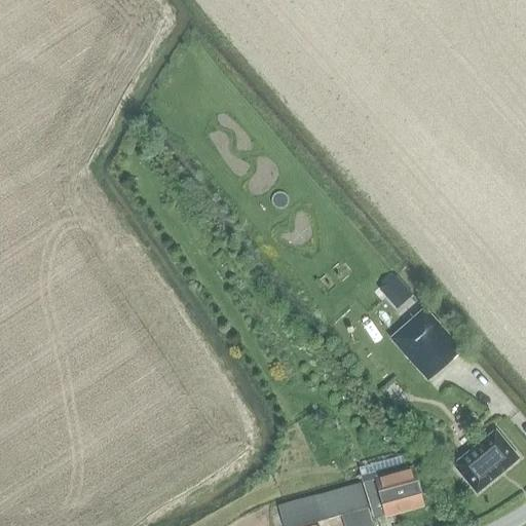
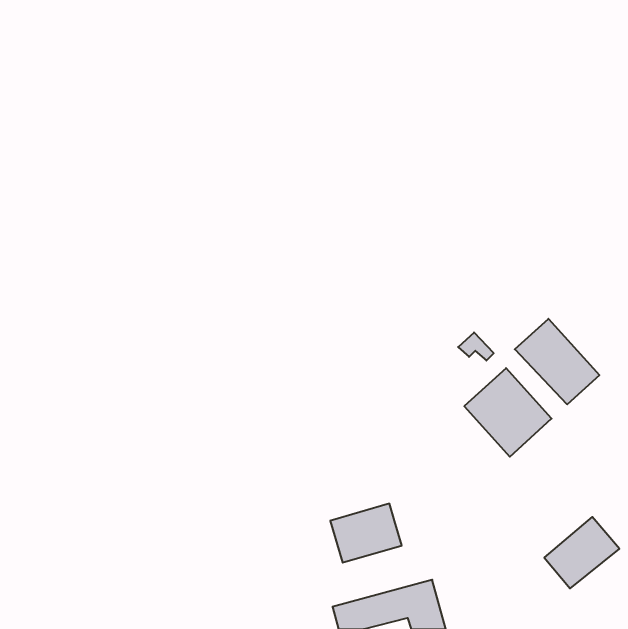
building: none -> [515,319,599,404]
building: [363,469,422,519] -> [330,504,402,563]

